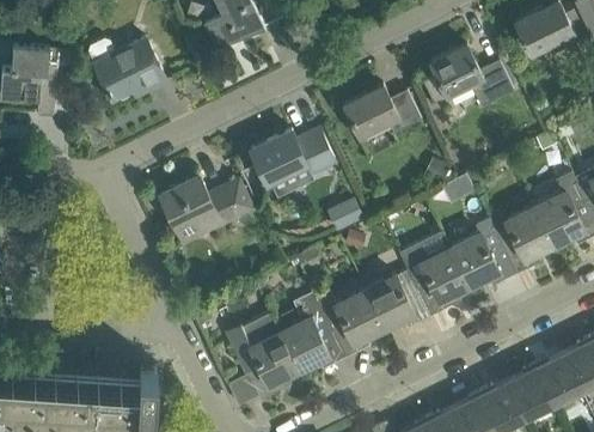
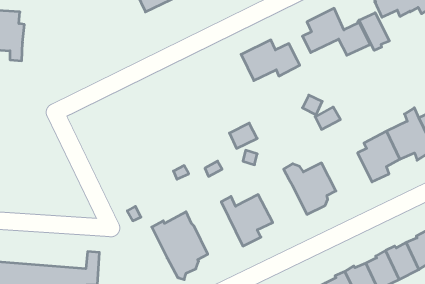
building: [87,38,166,101] -> none
building: none -> [359,13,389,50]
building: [250,130,335,185] -> none
building: [160,176,253,243] -> none
building: [449,219,516,286] -> none
building: [366,270,430,329] -> none
building: [277,292,345,370] -> none

